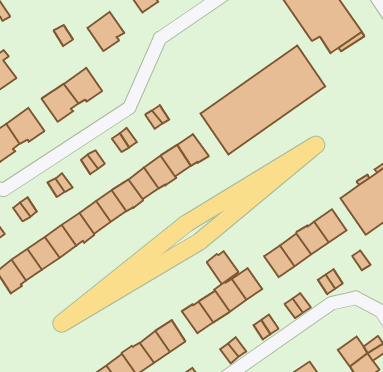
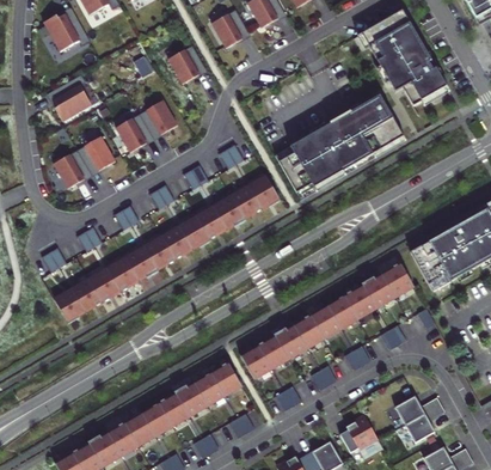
building: [207,251,238,284] -> [309,306,340,340]

